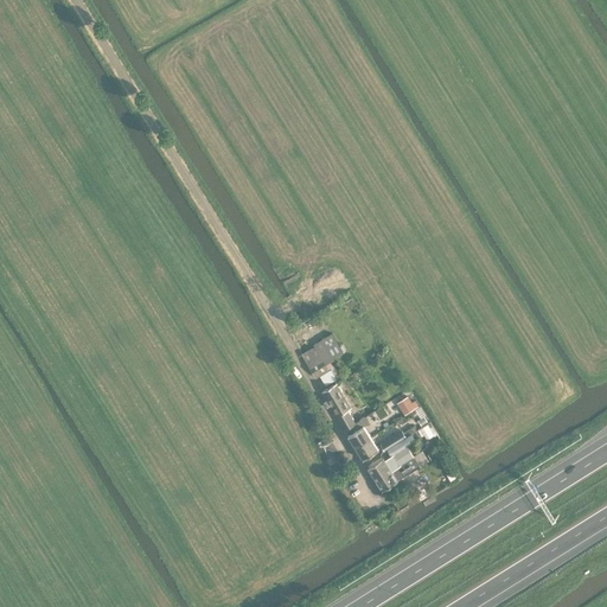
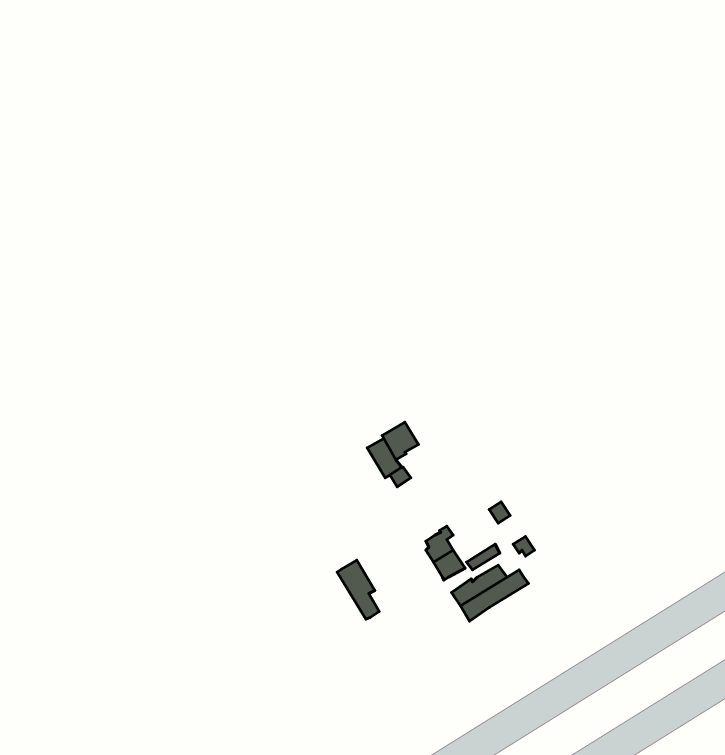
building: [320,384,353,430] -> [337,560,379,619]

